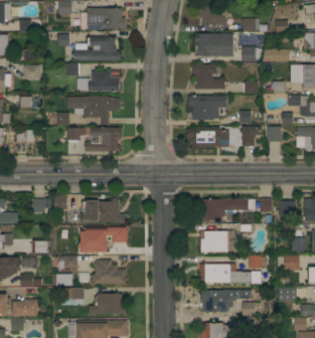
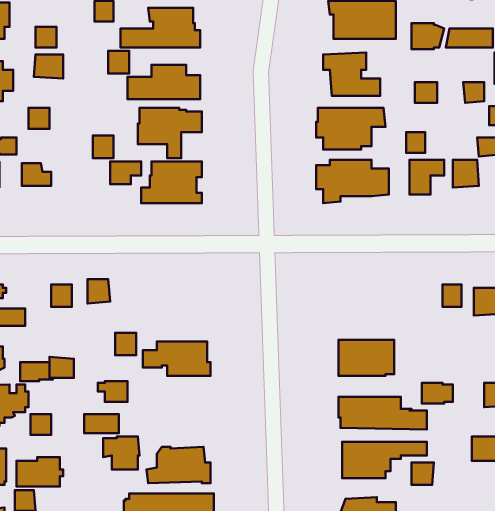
building: [81,199,125,223] -> none
building: [200,199,255,221] -> none
building: [93,260,126,285] -> none

